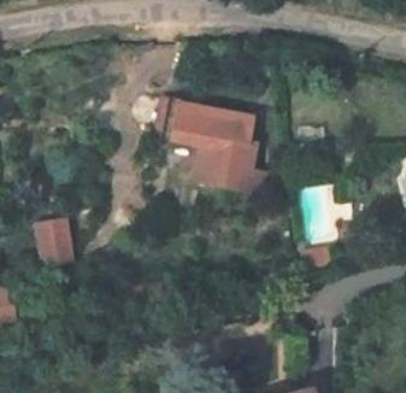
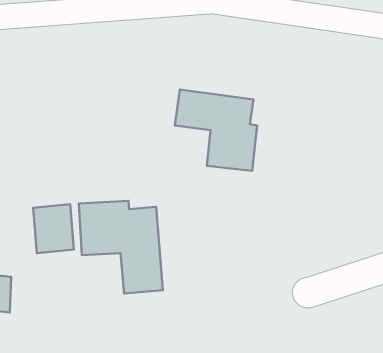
building: none -> [79,201,163,293]

